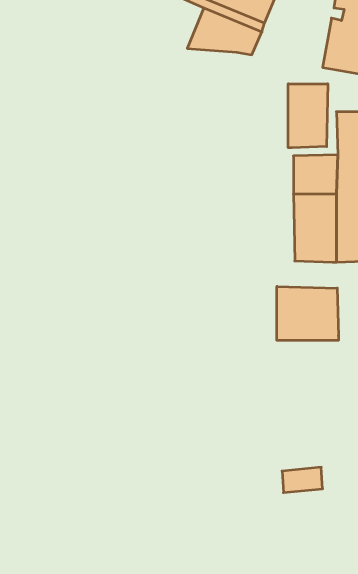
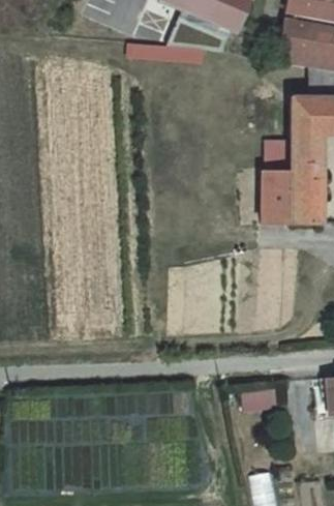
building: [288,84,328,148] -> none
building: [277,286,338,340] -> none

